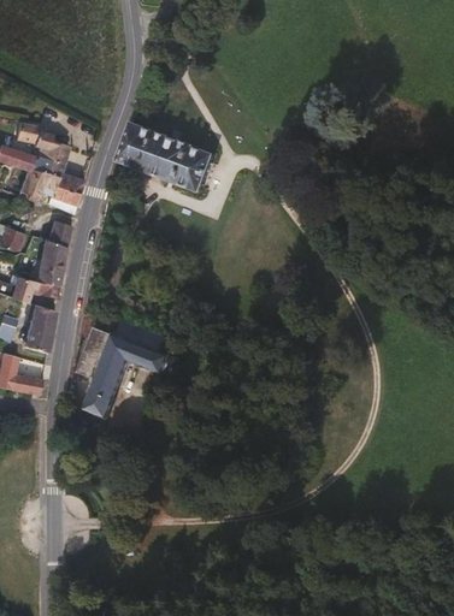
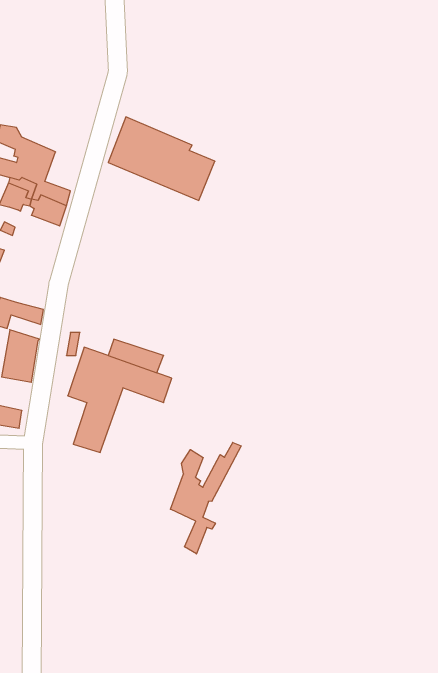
building: [37,220,71,288] -> none
building: none -> [170,442,241,554]

